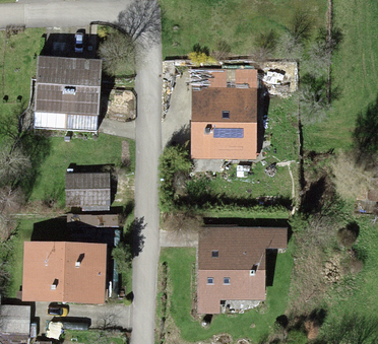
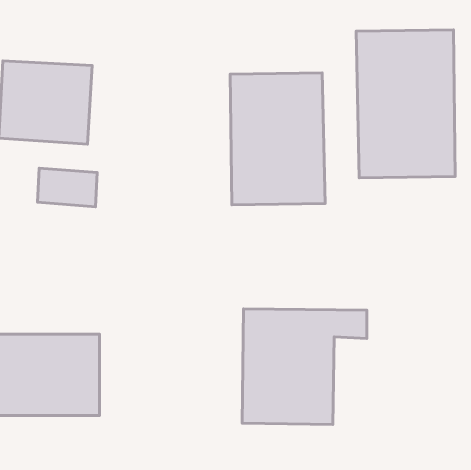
building: none -> [356,30,455,178]
building: [66,171,107,198] -> [38,168,97,207]

